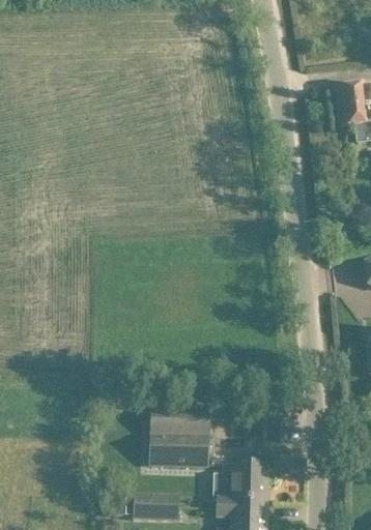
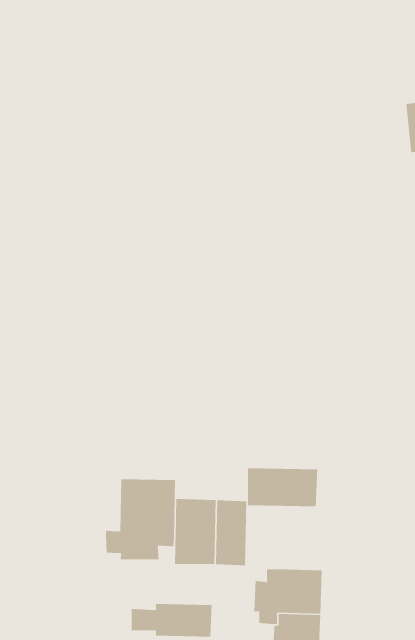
building: none -> [247,468,318,507]
building: none -> [105,478,176,560]

